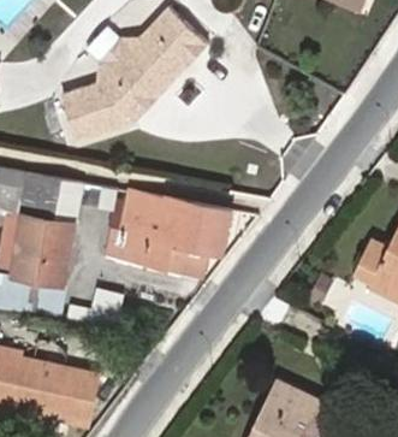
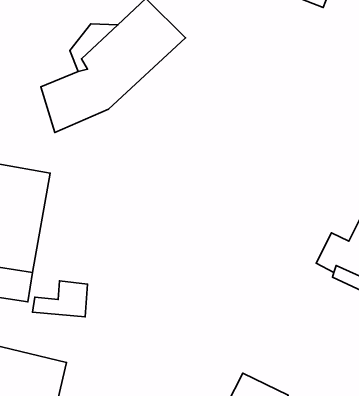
building: [103,188,228,265] -> none

